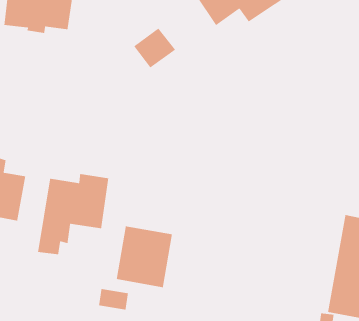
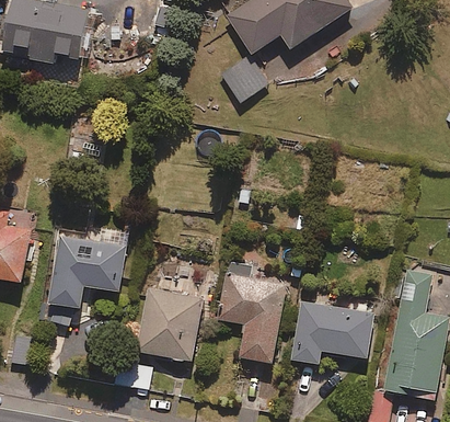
building: [133,27,176,69] -> [219,55,269,103]
building: none -> [217,260,287,364]
building: none -> [290,300,376,365]

